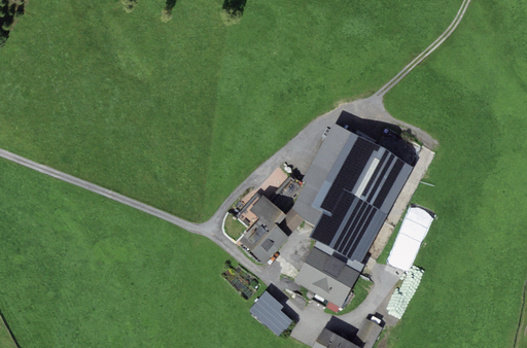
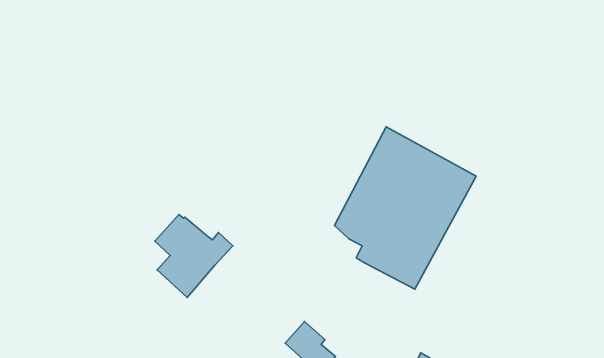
building: [236,193,303,264] -> [155,215,233,298]
building: [293,240,363,307] -> none

